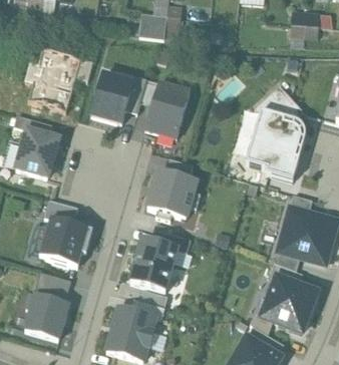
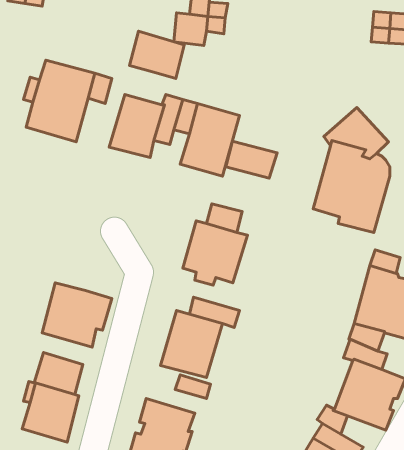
building: none -> [129,31,184,78]
building: none -> [226,141,277,178]
building: [16,130,57,177] -> none
building: [43,200,77,225] -> none

